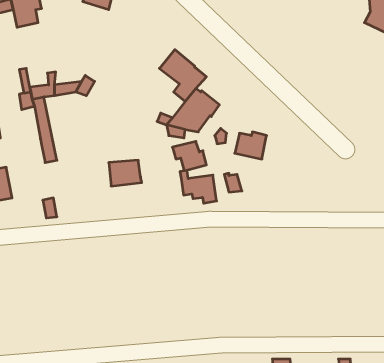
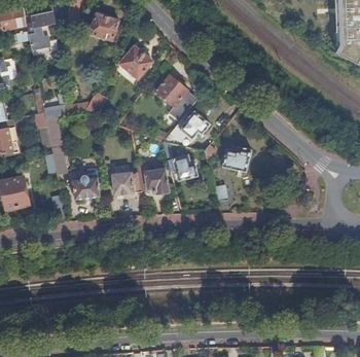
building: none -> [119,46,152,78]
building: none -> [72,168,100,200]
building: [180,170,217,203] -> [137,165,169,193]

